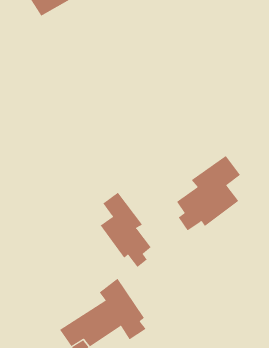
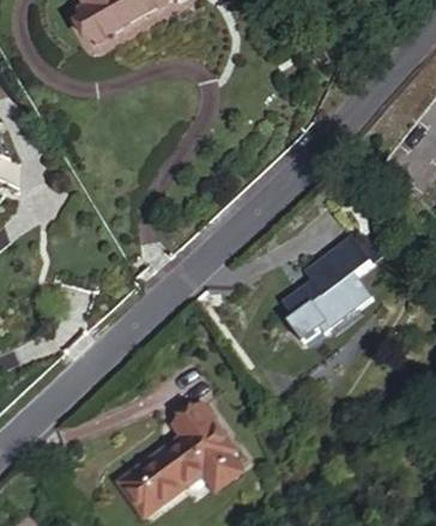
building: [100,192,152,268] -> none

